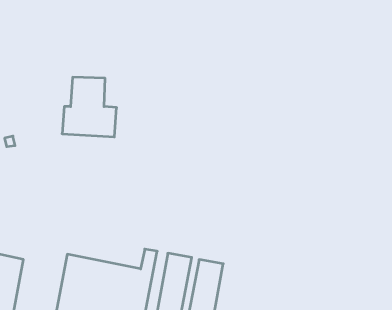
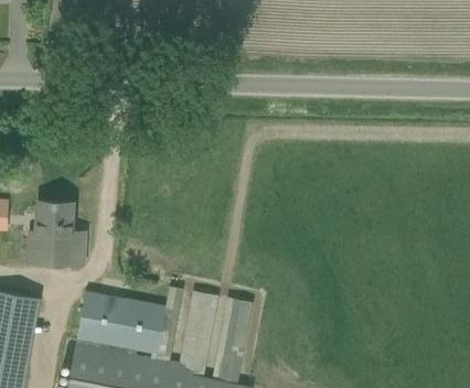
building: [62,77,117,137] -> [26,202,84,265]

